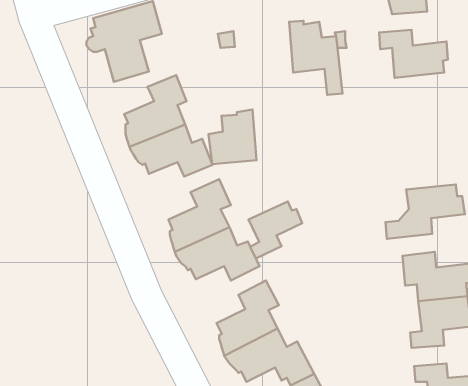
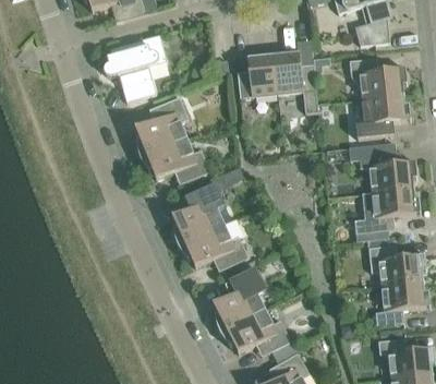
building: none -> [355,94,411,139]
building: [208,109,256,164] -> [237,51,277,97]
building: none -> [349,142,416,192]
building: [248,202,302,259] -> none

